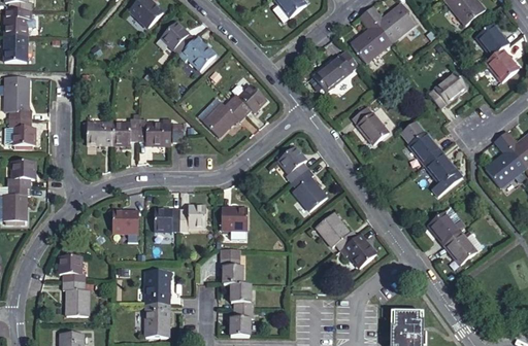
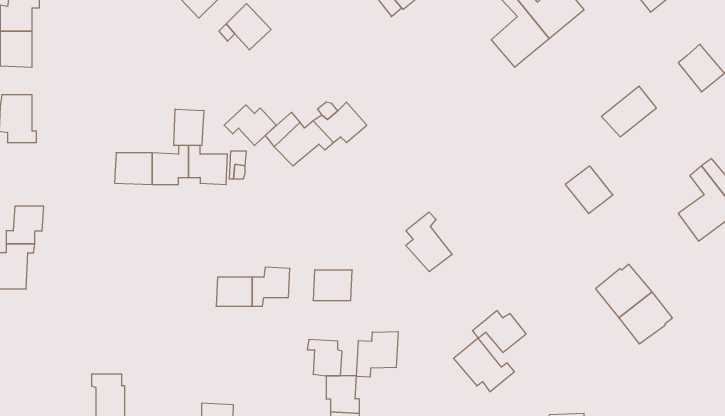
building: [475,22,507,55] -> none
building: [179,36,217,65] -> [224,105,276,146]
building: [315,55,353,91] -> none
building: none -> [174,109,204,146]
building: [350,105,386,143] -> none
building: [6,116,33,142] -> none
building: [278,142,307,179] -> none
building: [421,153,460,200] -> none
building: [112,209,138,231] -> none
building: [312,212,356,250] -> [454,338,514,392]
building: none -> [357,332,398,377]
building: [64,255,89,281] -> none
building: [145,269,169,303] -> none

